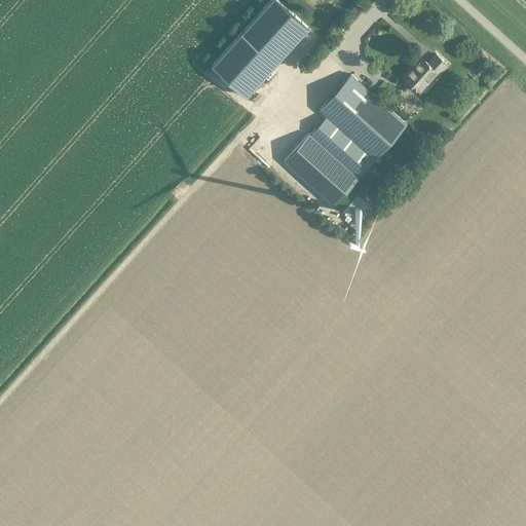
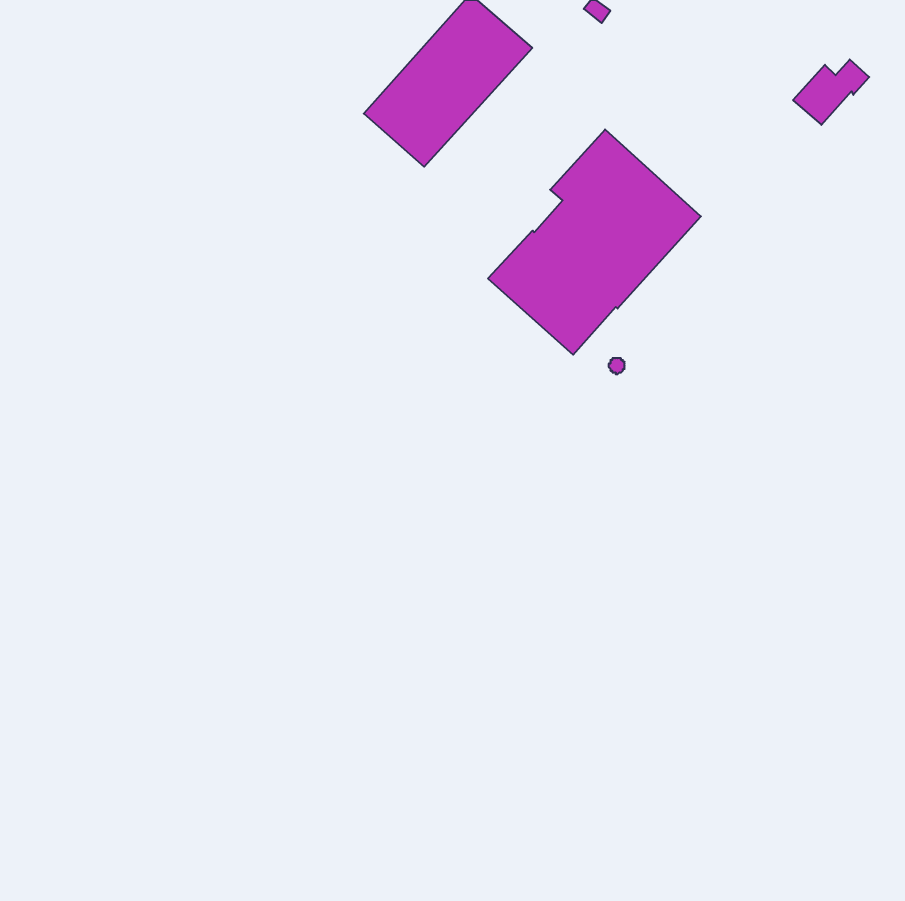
building: [404,55,448,93] -> [793,59,869,125]

